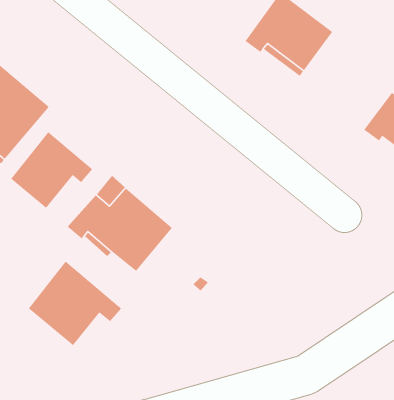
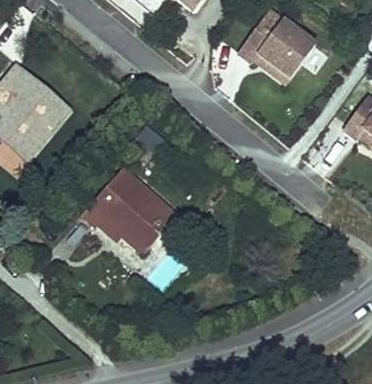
building: [10,131,93,209] -> none
building: [28,261,122,346] -> none

